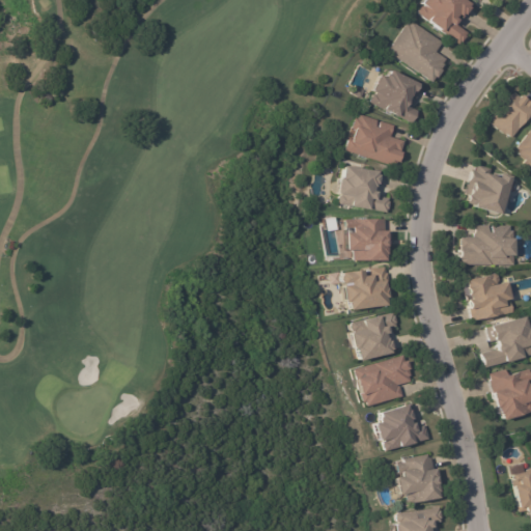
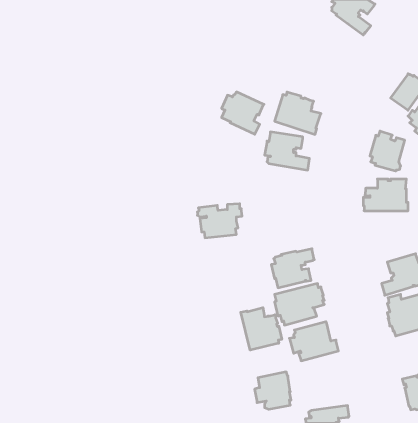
building: [389,19,448,81] -> none
building: [373,69,426,122] -> [222,92,264,134]
building: [345,218,389,259] -> none
building: [340,266,396,308] -> [197,204,242,238]
building: [466,273,515,319] -> none
building: none -> [241,308,282,350]
building: [392,453,438,500] -> [255,372,291,409]

